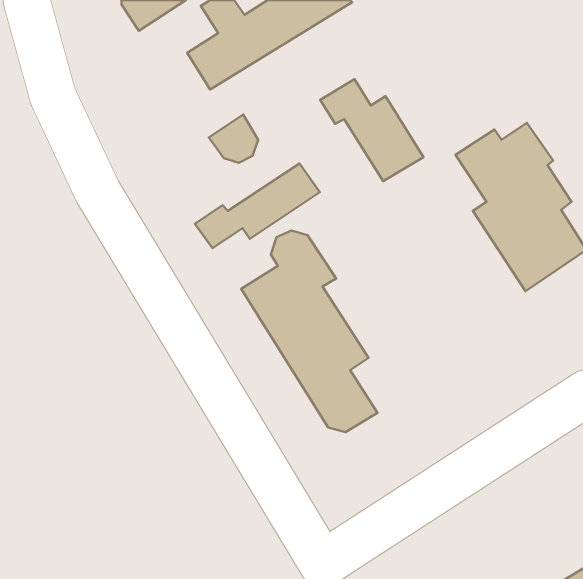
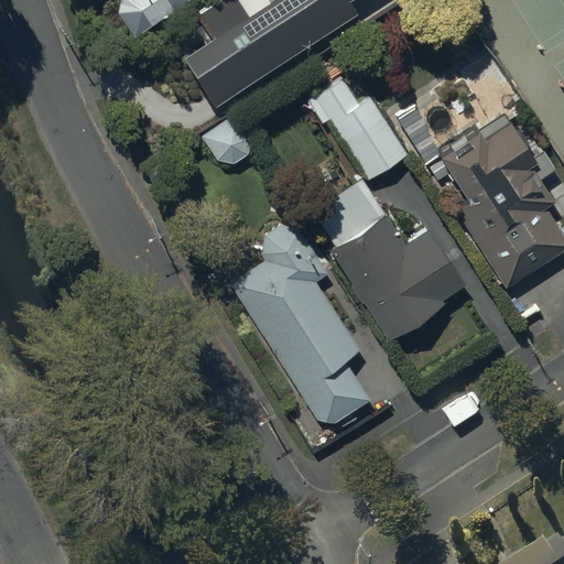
building: [195,164,320,248] -> none
building: none -> [313,181,466,335]

